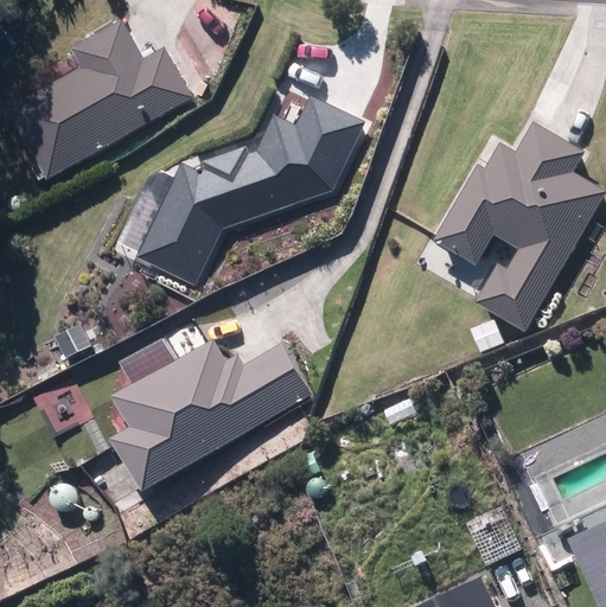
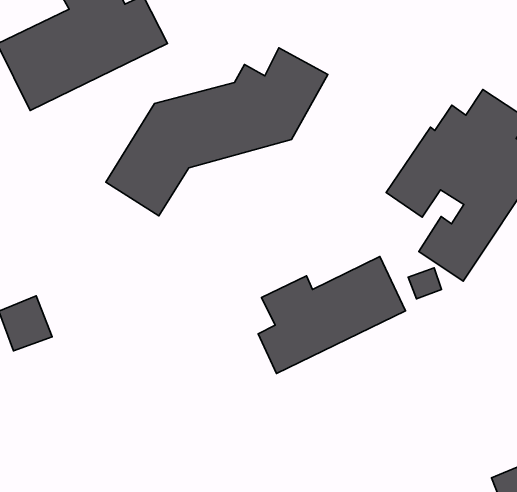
building: none -> [258,257,405,373]
building: [113,339,310,490] -> none

